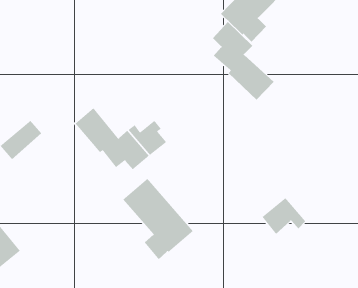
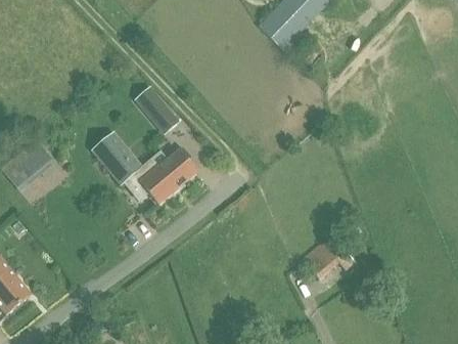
building: [212,21,274,101] -> none
building: none -> [135,84,180,133]
building: [122,178,194,260] -> none

